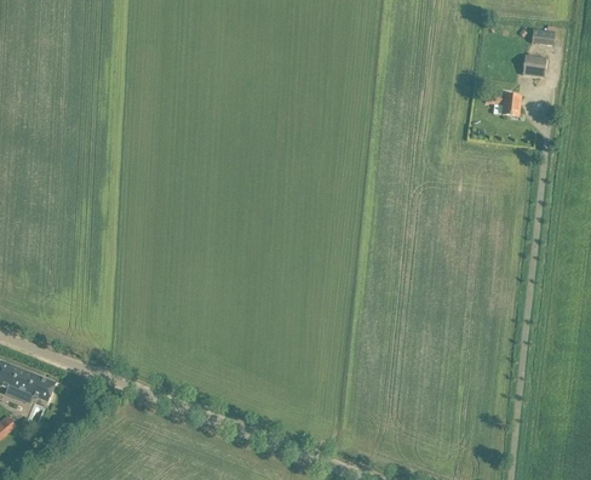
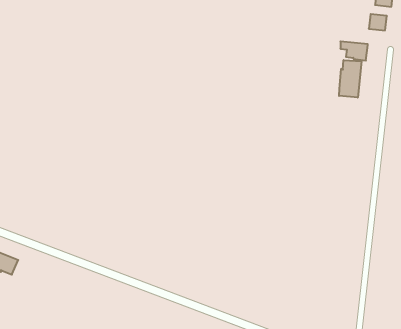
building: none -> [339,60,361,98]

